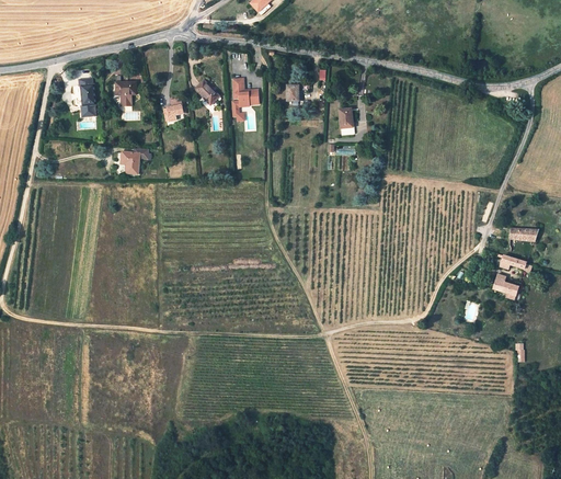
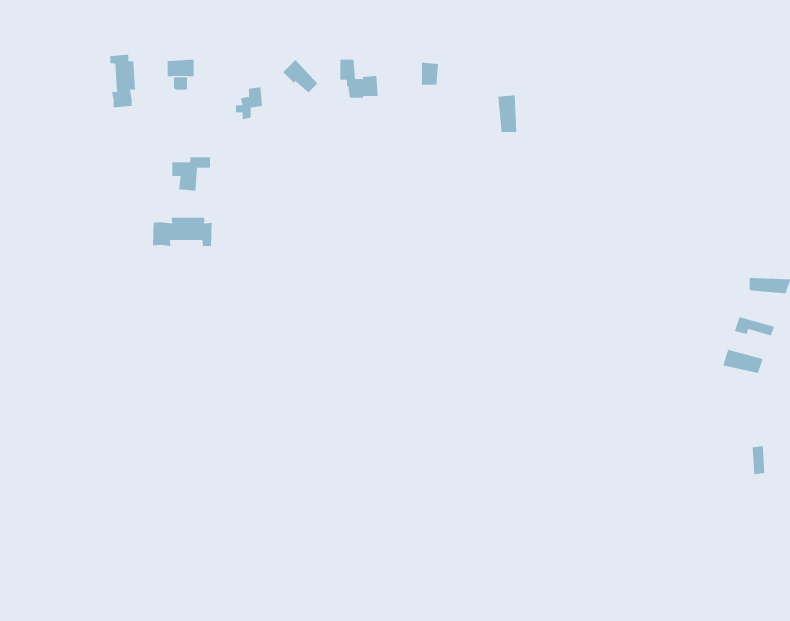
building: none -> [152,217,212,247]

